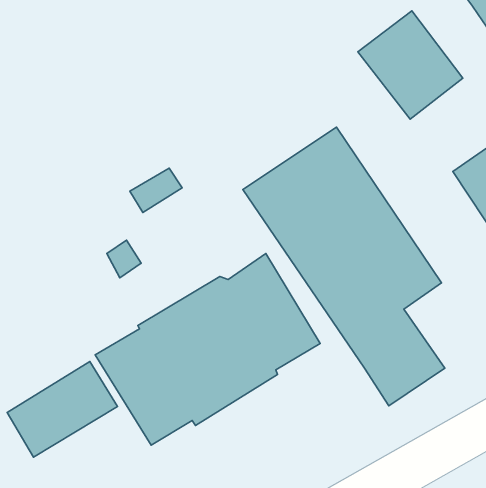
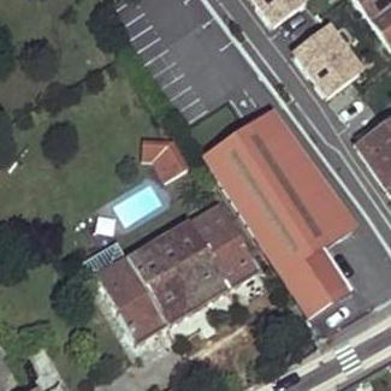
building: [7,361,118,457] -> none

